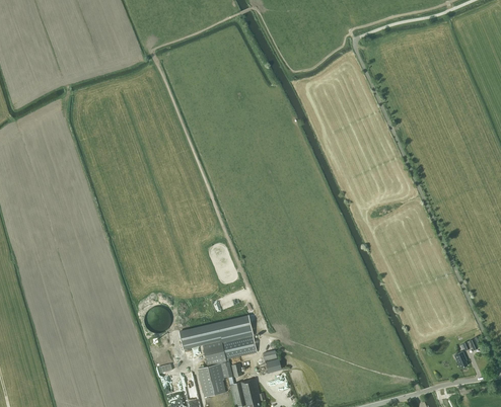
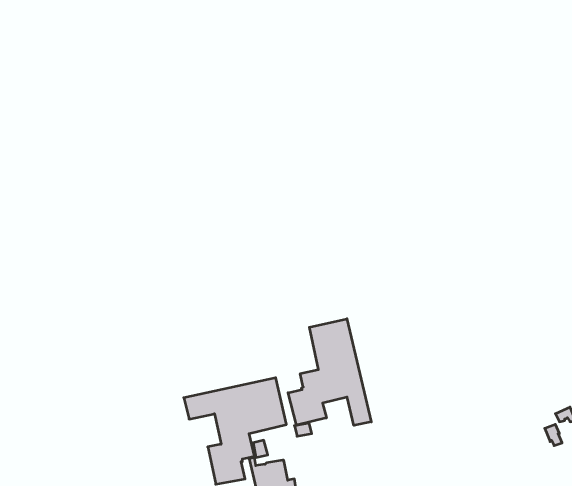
building: none -> [288,319,371,425]

